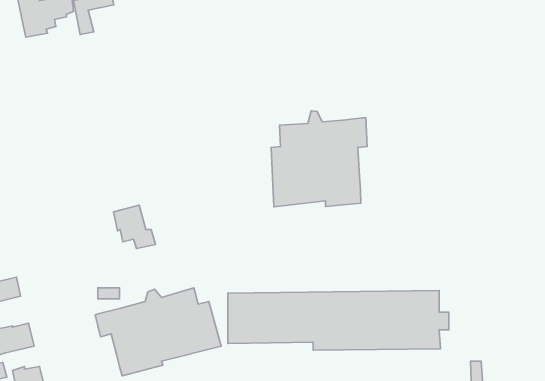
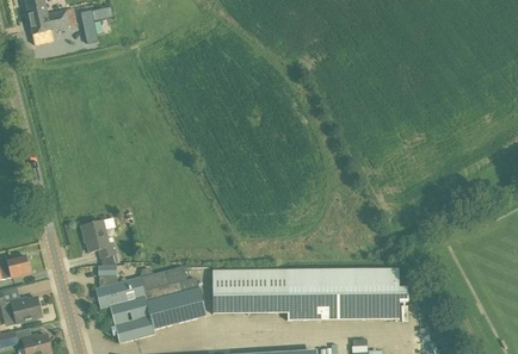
building: [271,111,367,207] -> none
building: [113,205,155,249] -> [80,219,117,257]

